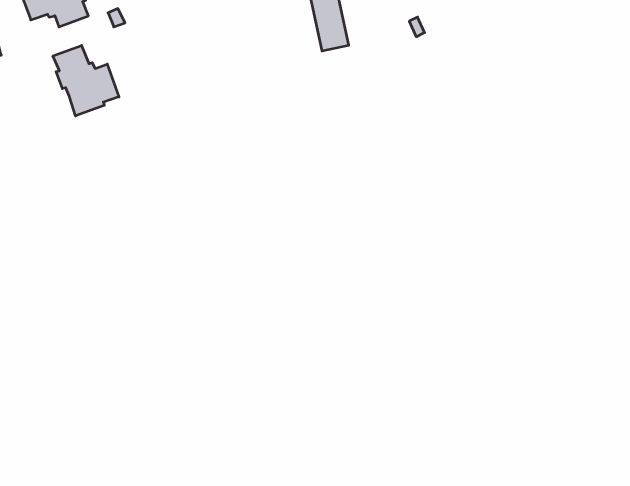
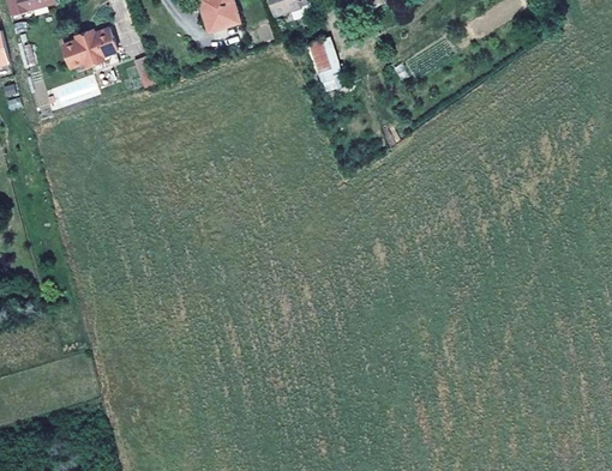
building: [53,45,119,116] -> none

